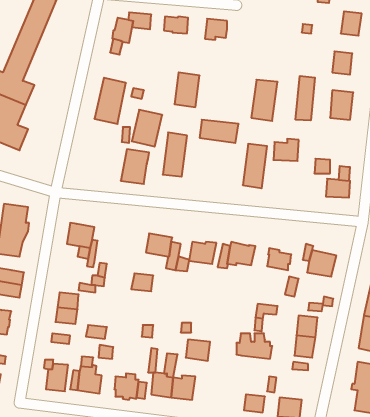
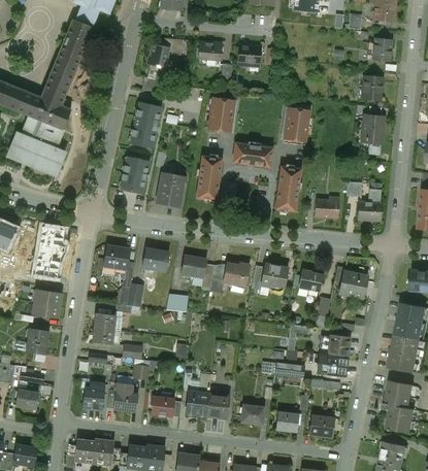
building: [296,76,315,120] -> none
building: [132,110,162,147] -> [120,157,150,193]
building: [273,139,299,161] -> [314,196,338,217]
building: none -> [141,248,168,270]
building: [186,340,210,361] -> [240,404,264,425]

